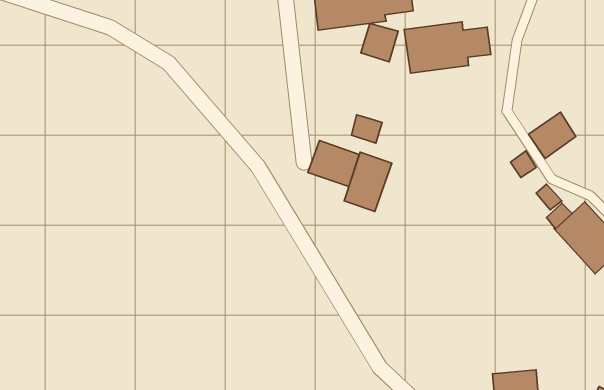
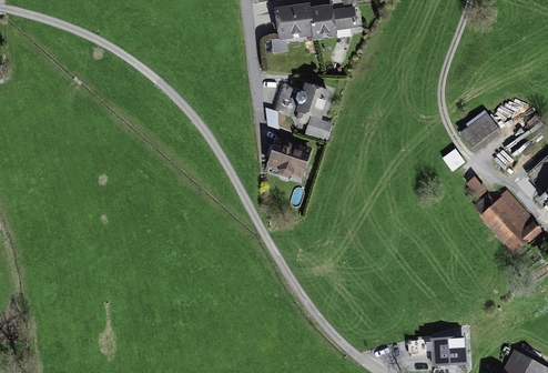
building: [404,22,491,73] -> none
building: [361,23,398,62] -> [296,85,328,119]
building: [344,152,392,212] -> none

